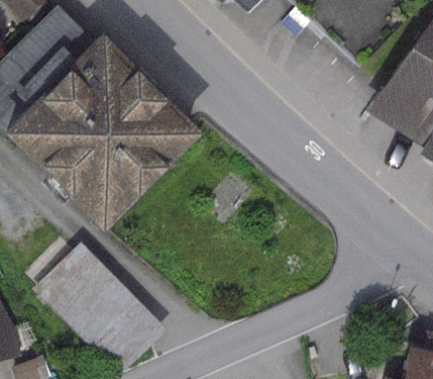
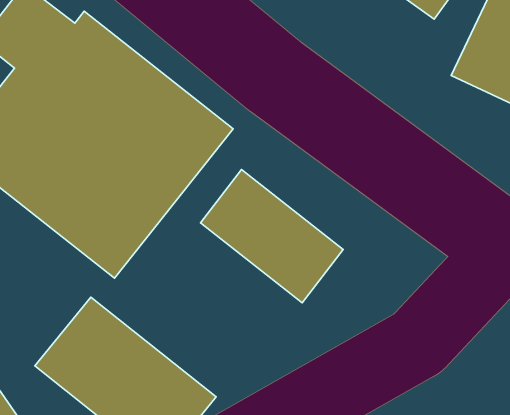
building: none -> [201,170,343,303]

